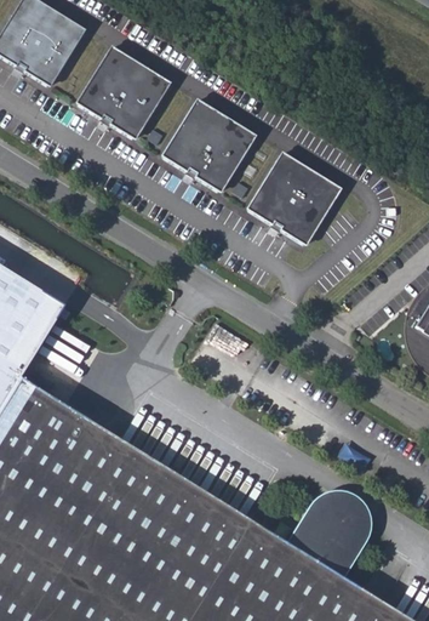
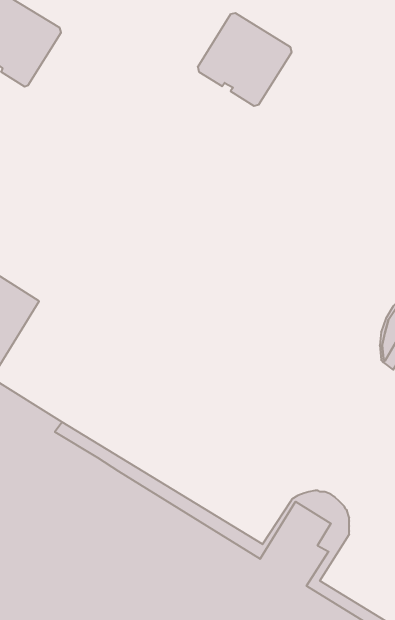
building: [76,47,170,139] -> none
building: [162,101,256,193] -> [198,13,292,106]
building: [248,155,342,247] -> none

